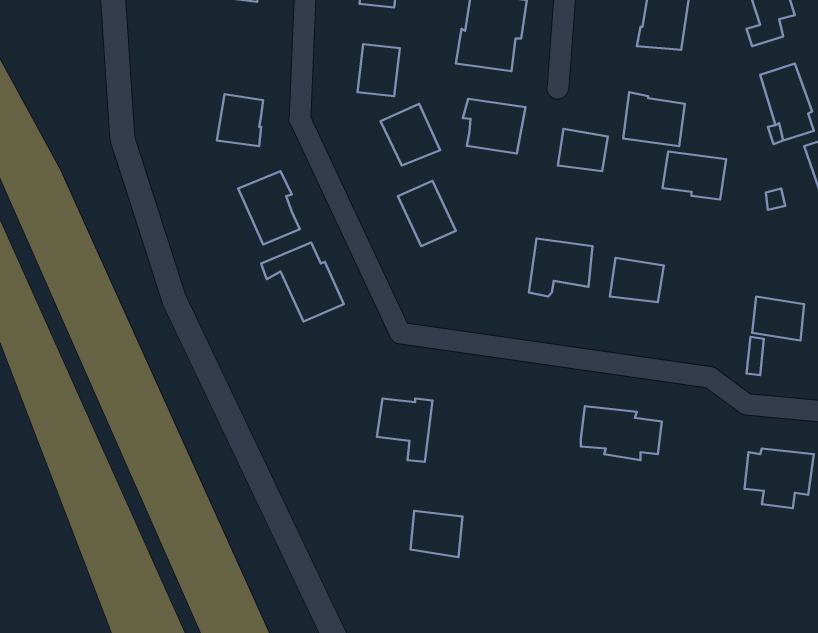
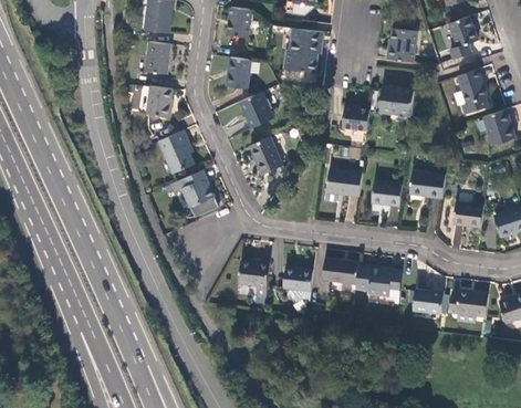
building: none -> [145,41,170,74]
building: [463,99,526,153] -> none
building: [662,151,726,200] -> [409,171,446,199]
building: none -> [322,258,358,284]
building: none -> [413,289,445,314]
building: [410,511,462,557] -> [283,266,313,293]

